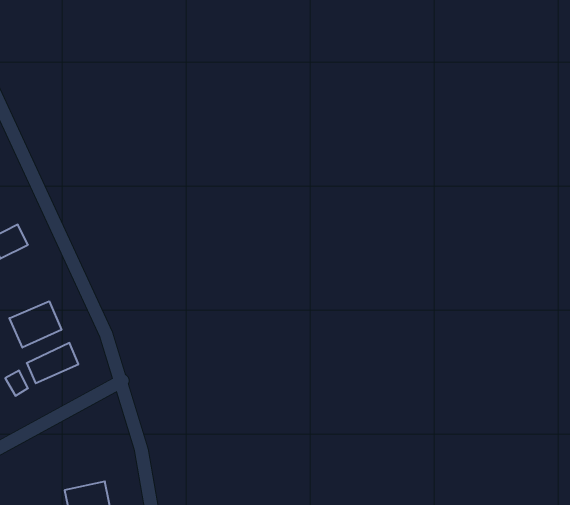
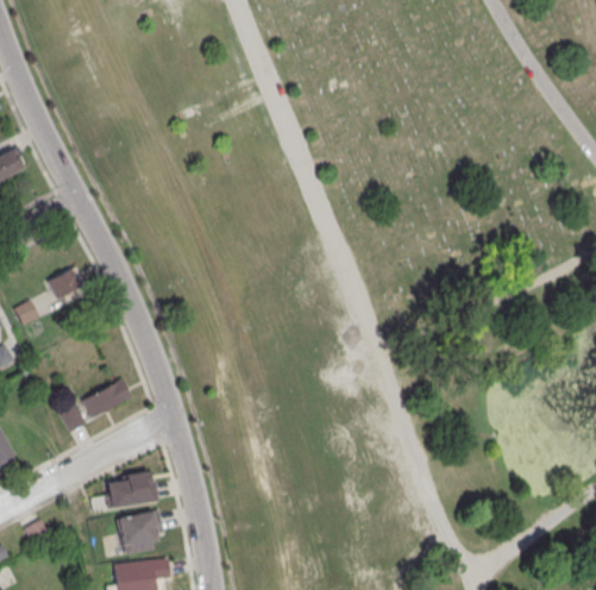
building: [9,301,61,348] -> none
building: none -> [103,472,155,508]

